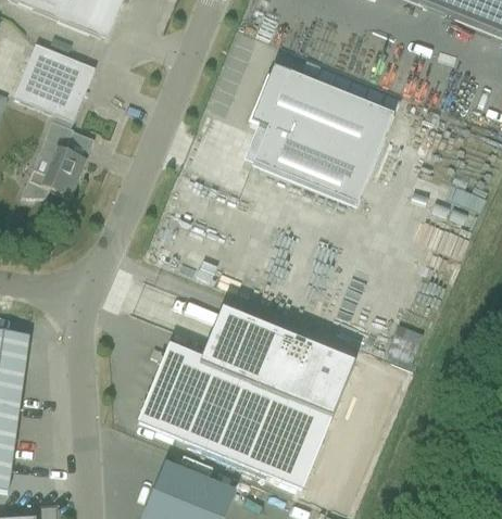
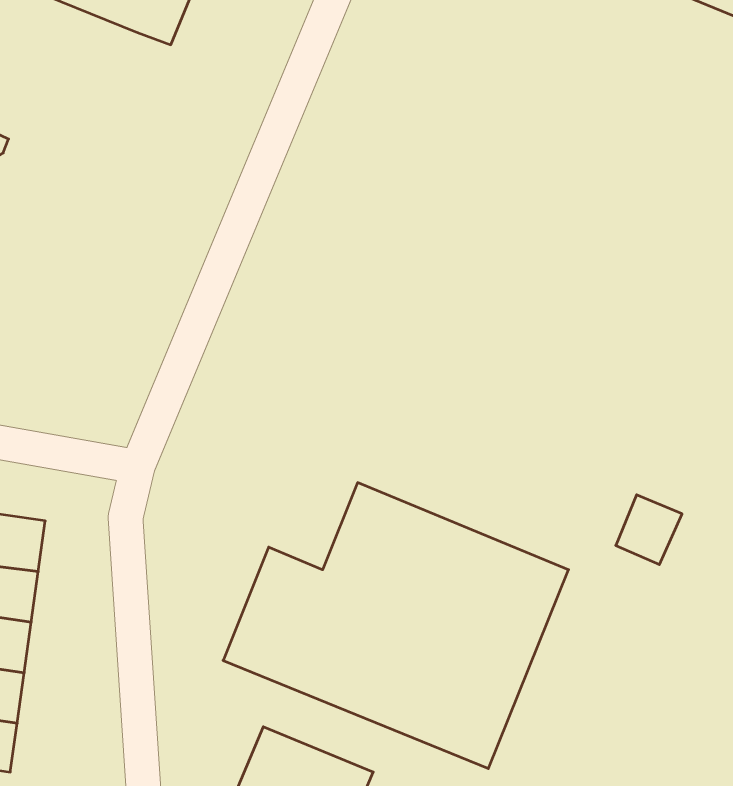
building: [13,41,95,119] -> none
building: [250,65,393,203] -> none
building: [21,117,86,195] -> none

